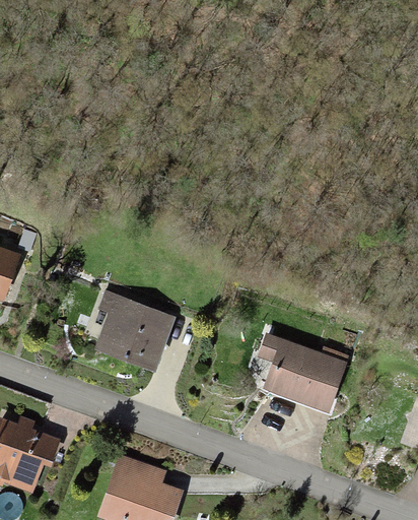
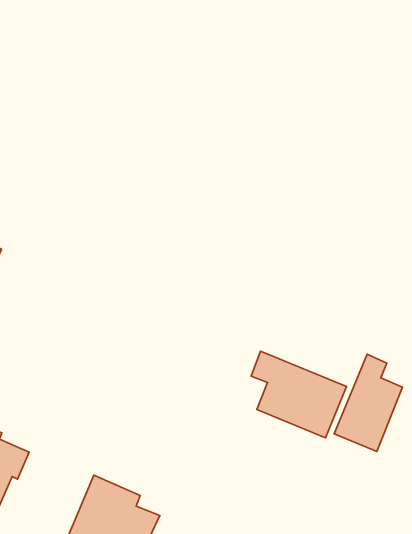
building: [89,294,172,367] -> none
building: none -> [334,354,403,451]

